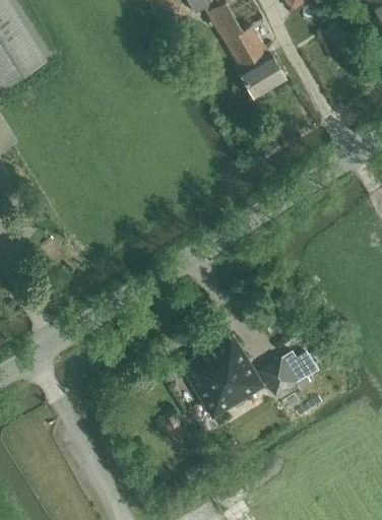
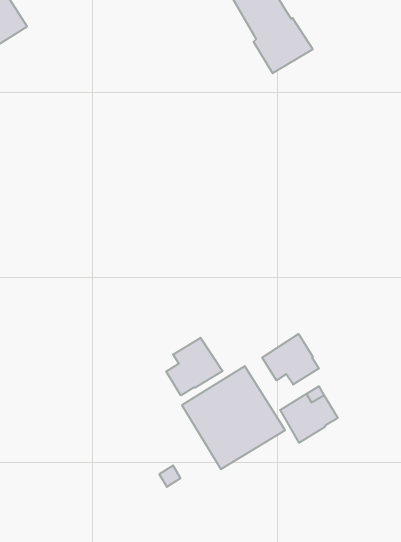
building: none -> [262,334,319,385]
building: none -> [166,338,222,395]

